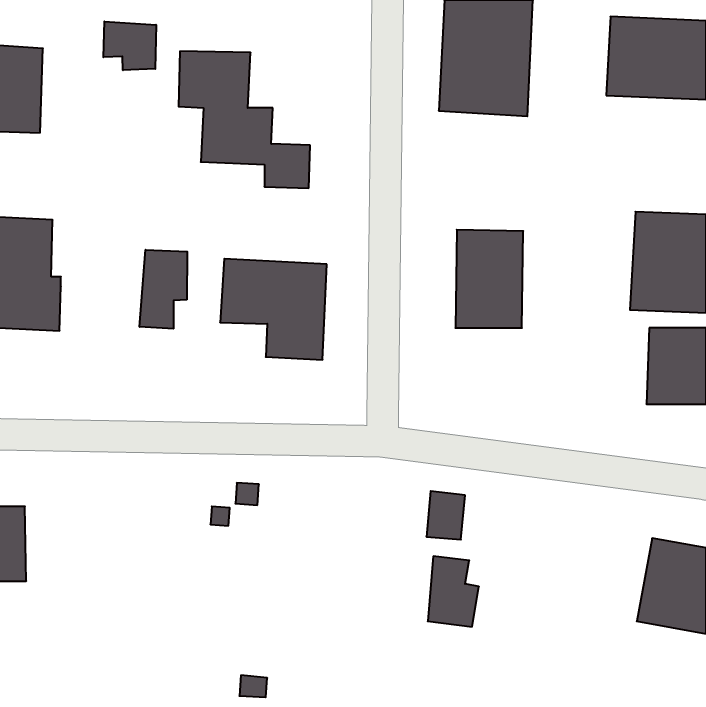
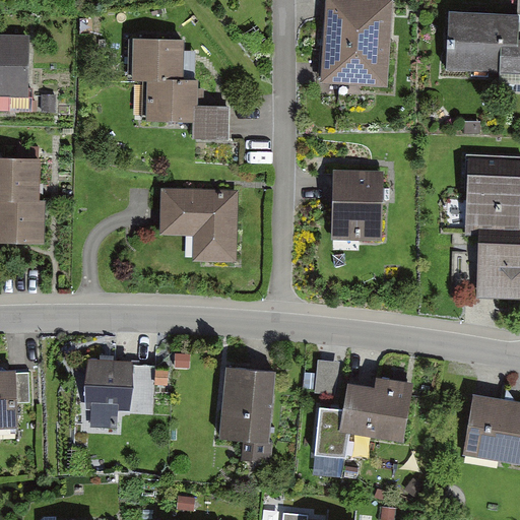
building: [103,21,156,70] -> none
building: [140,250,187,329] -> none
building: none -> [84,356,136,430]
building: none -> [223,369,276,443]
building: none -> [341,376,411,440]

